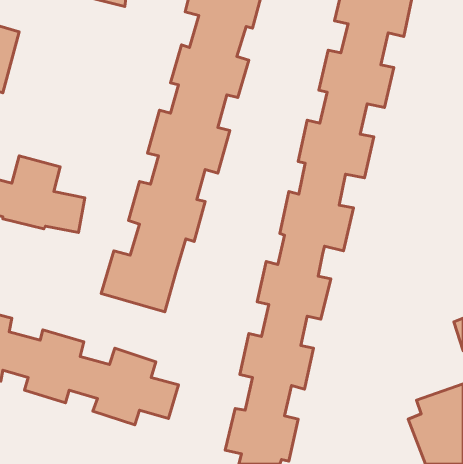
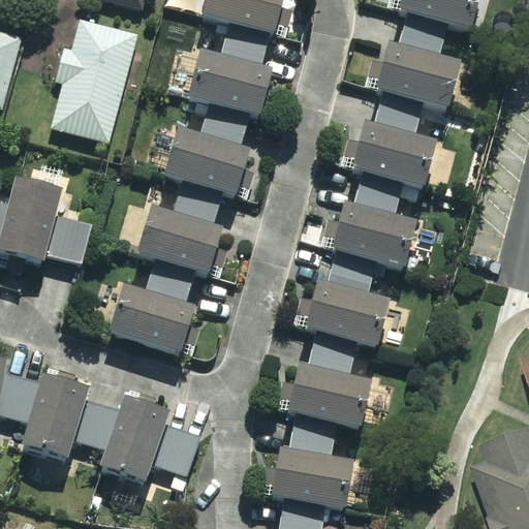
building: none -> [52,18,139,143]

